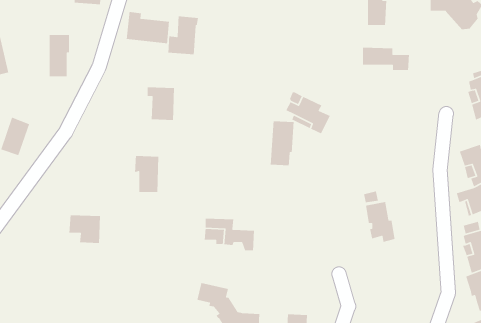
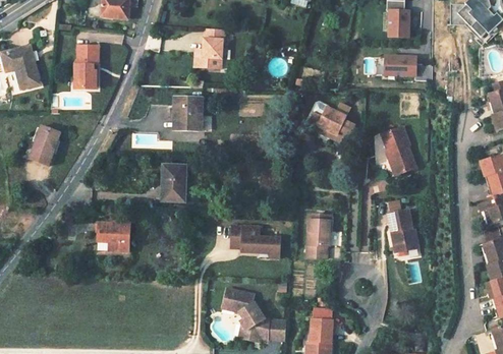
building: [126,11,170,44] -> none
building: none -> [382,126,414,174]
building: [270,120,295,166] -> [306,214,331,258]

